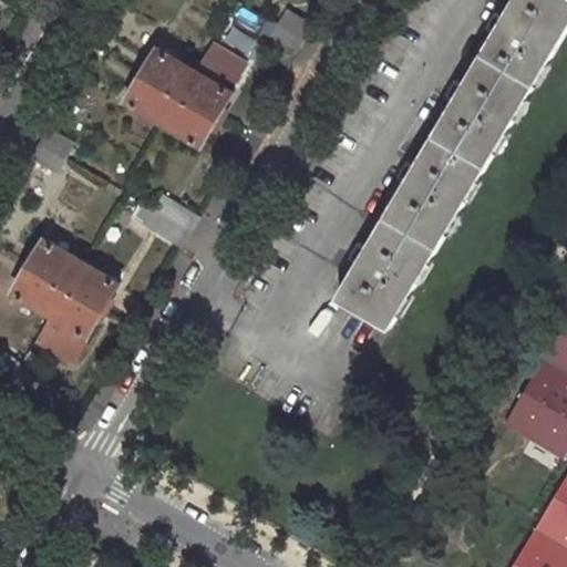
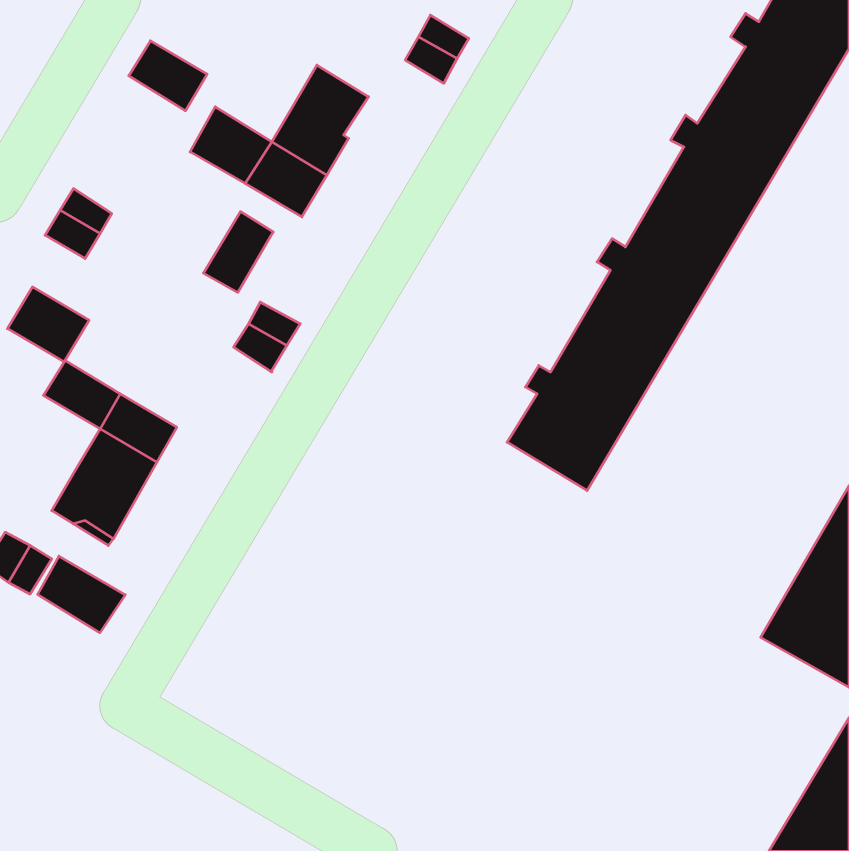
building: [143,48,195,94] -> [129,41,207,111]
building: none -> [203,212,273,292]
building: [12,262,66,312] -> [7,287,89,362]
building: none -> [38,556,125,633]

